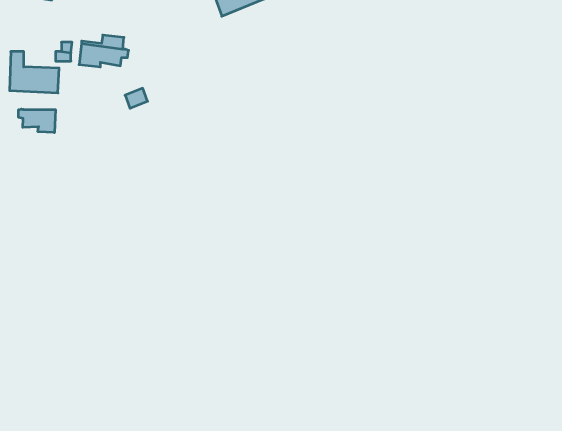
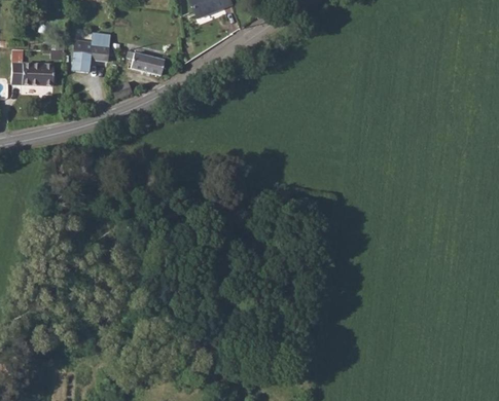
building: none -> [126,50,164,74]
building: [19,109,55,133] -> none

